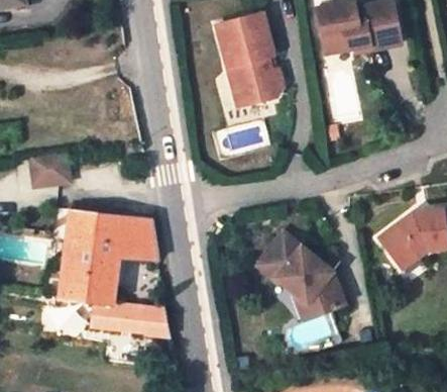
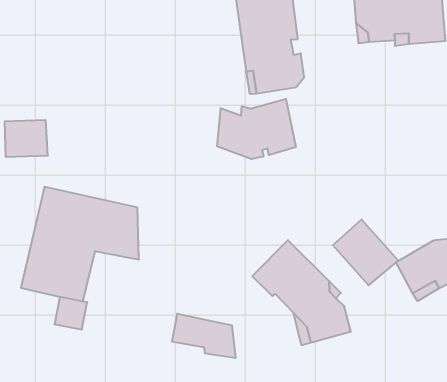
building: none -> [217,99,296,159]
building: none -> [333,219,398,285]
building: [114,303,171,335] -> [172,314,236,358]

